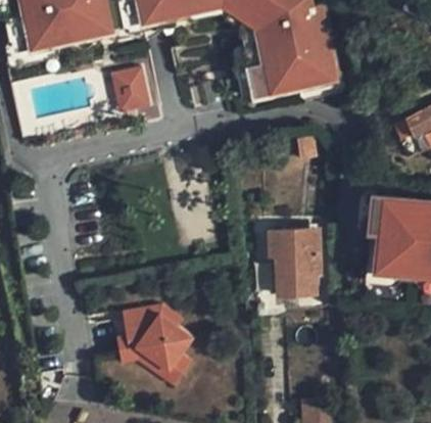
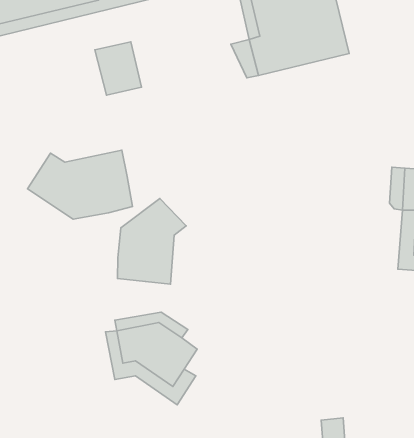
building: none -> [27,150,132,219]
building: none -> [117,198,186,284]
building: [271,212,330,300] -> none

